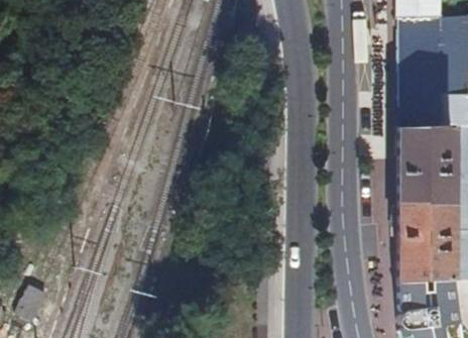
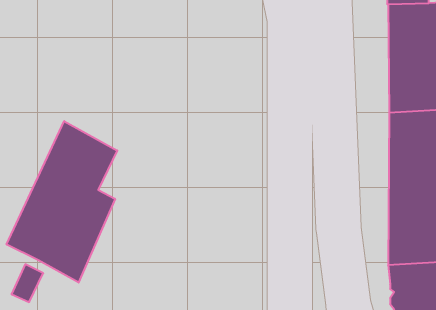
building: none -> [7,121,117,283]

